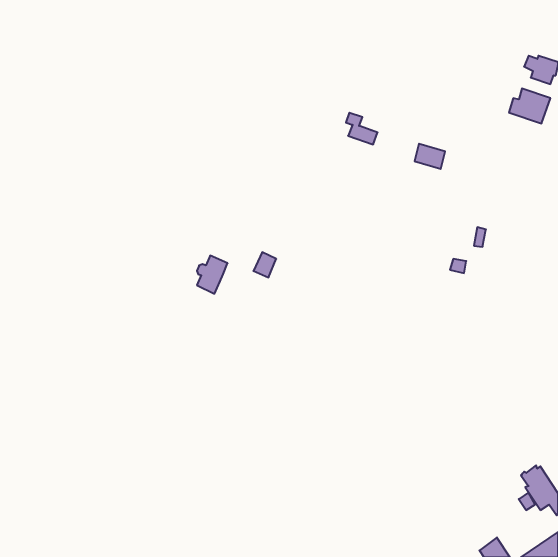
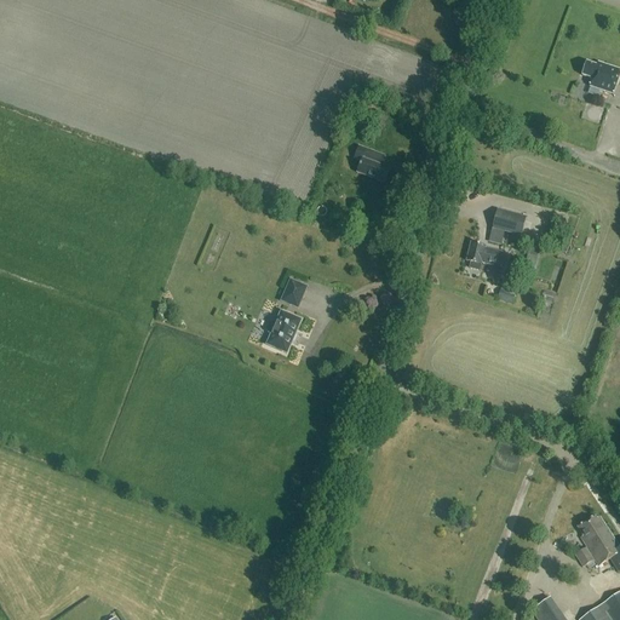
building: [346,113,378,144] -> [354,147,389,182]
building: [415,144,445,169] -> [492,208,526,236]
building: none -> [465,242,505,270]
building: [197,256,228,294] -> [266,311,300,354]

